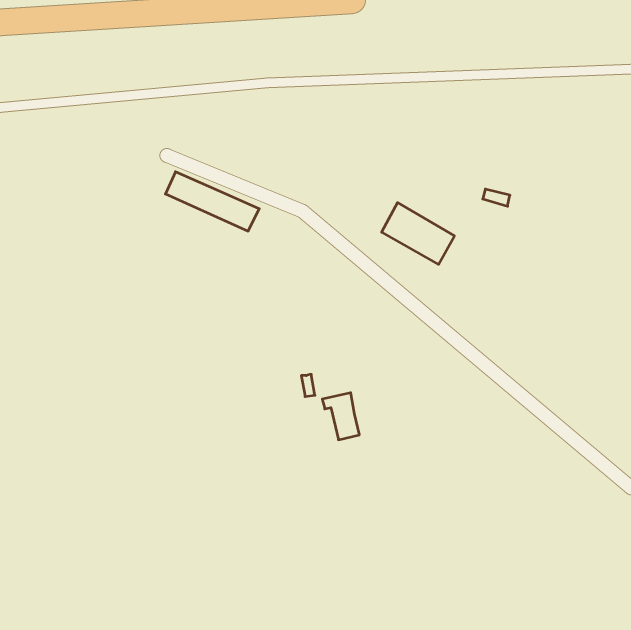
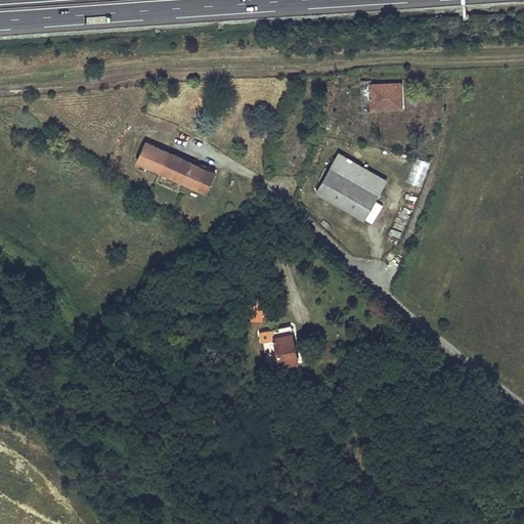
building: none -> [360,82,402,115]
building: none -> [330,154,386,196]

